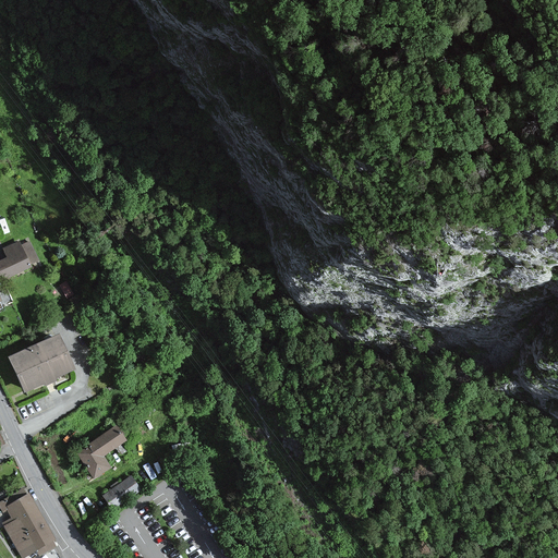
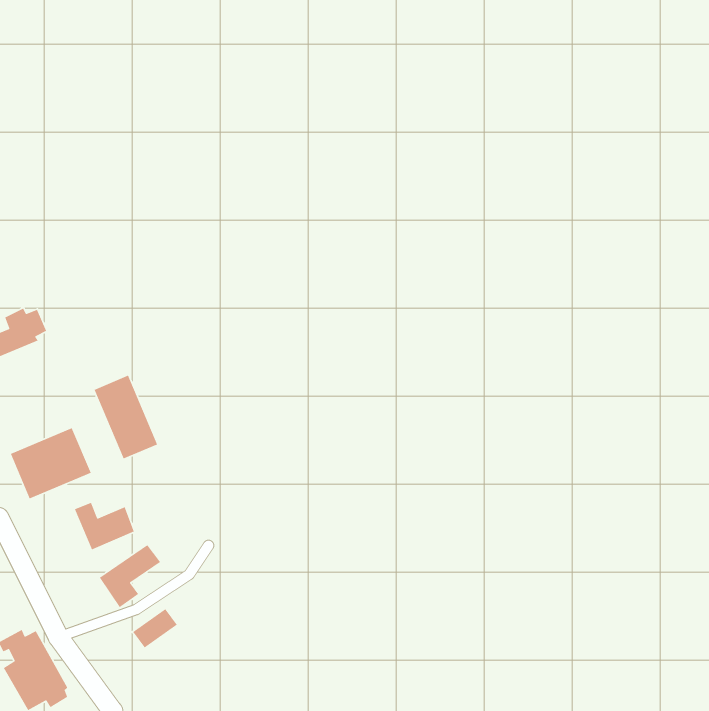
building: none -> [93,375,158,460]
building: none -> [74,502,135,550]

